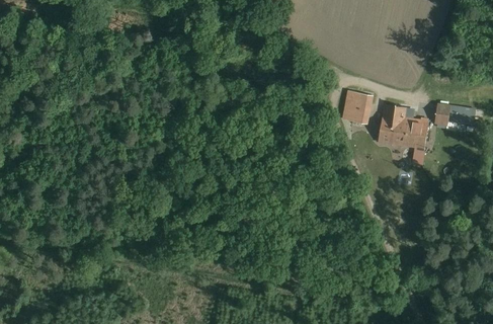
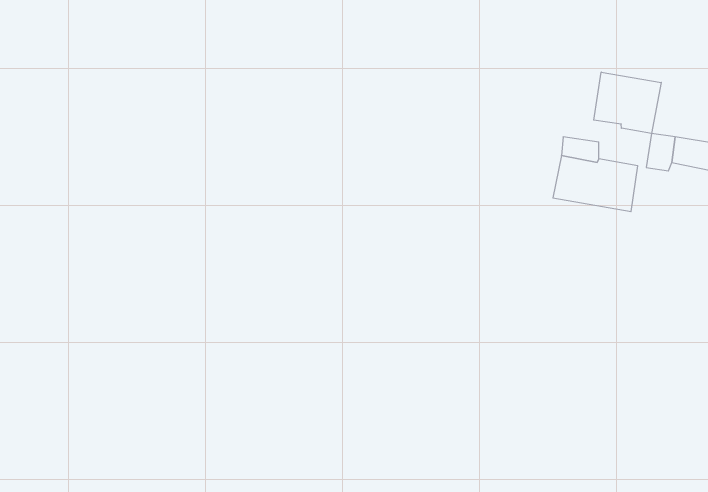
building: none -> [594,72,661,134]
building: [342,91,372,124] -> none

